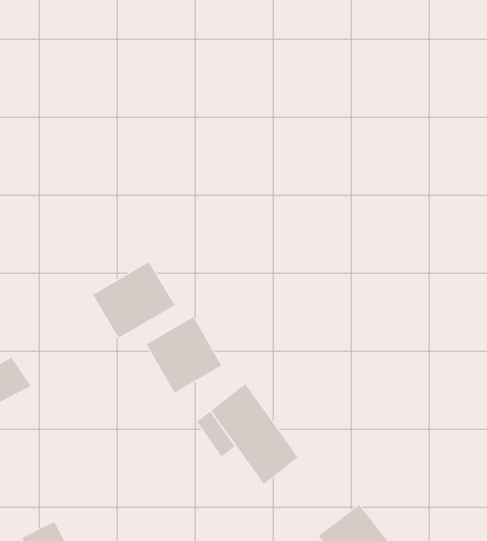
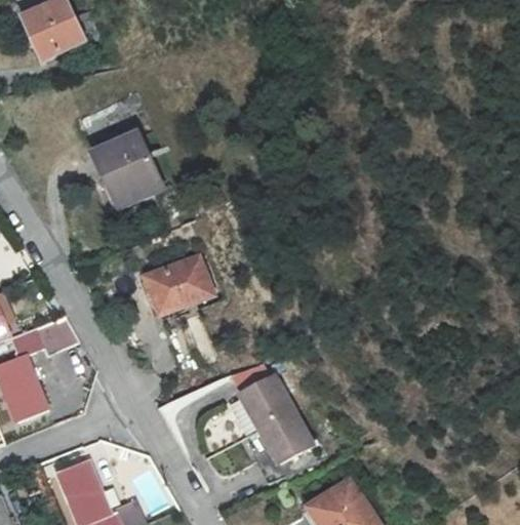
building: none -> [94,126,166,205]
building: [146,316,222,393] -> none

